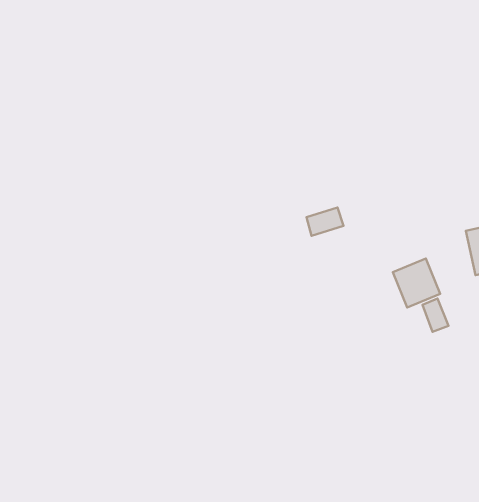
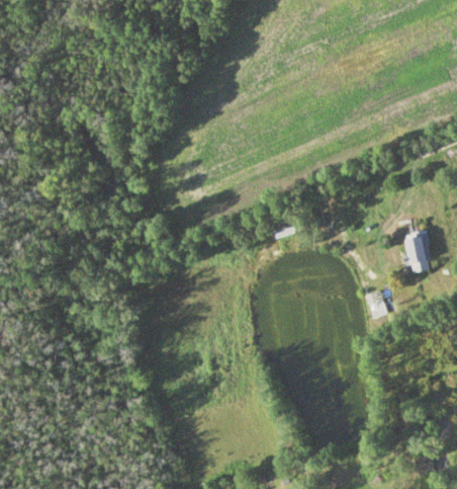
building: [393,259,440,307] -> none

